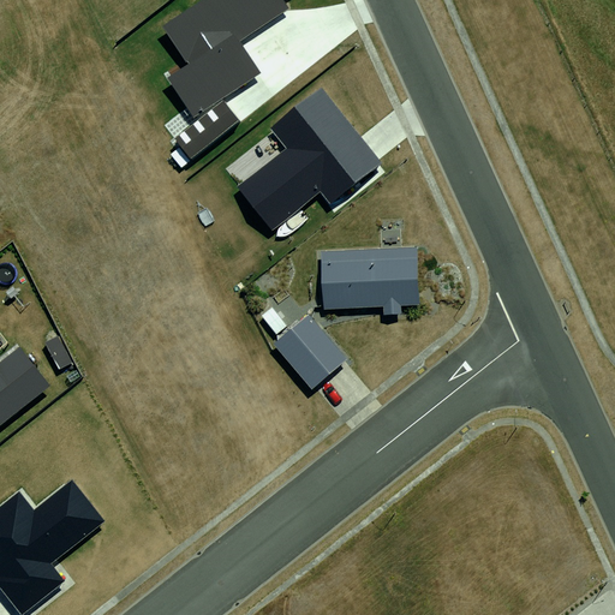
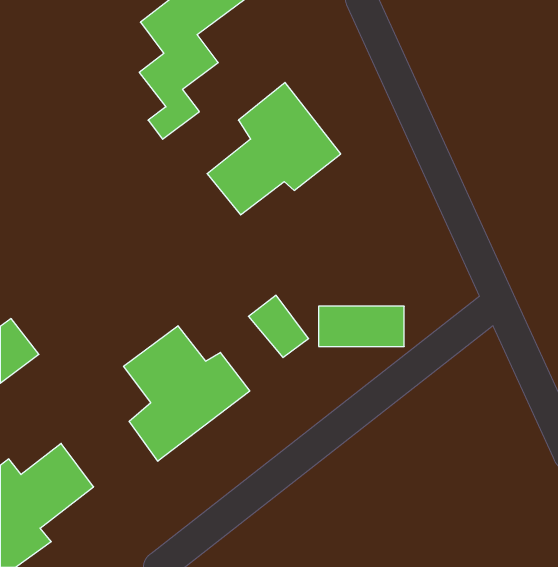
building: [326,256,418,299] -> [319,306,404,346]
building: none -> [124,326,250,461]

